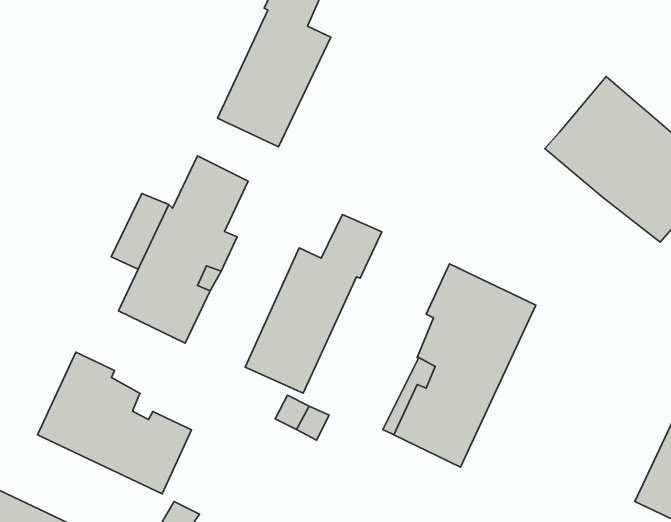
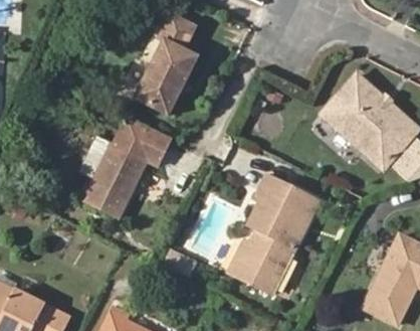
building: [245,214,382,393] -> none
building: [37,352,191,494] -> none

